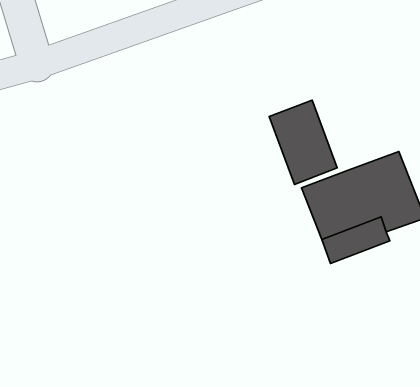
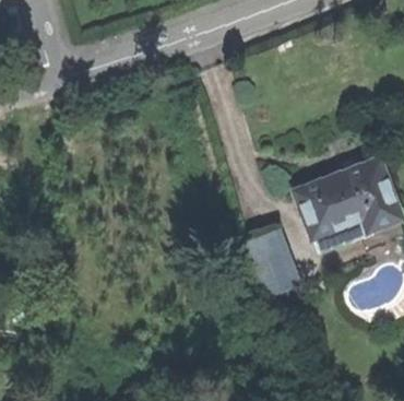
building: [269,100,337,184] -> [248,224,307,297]

